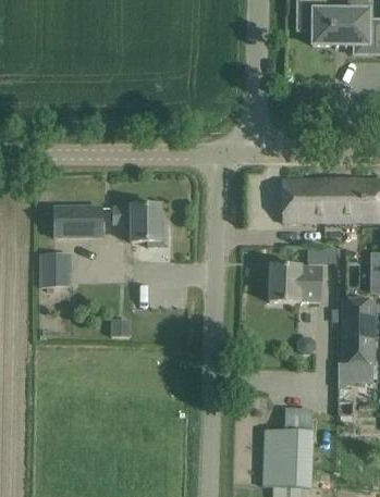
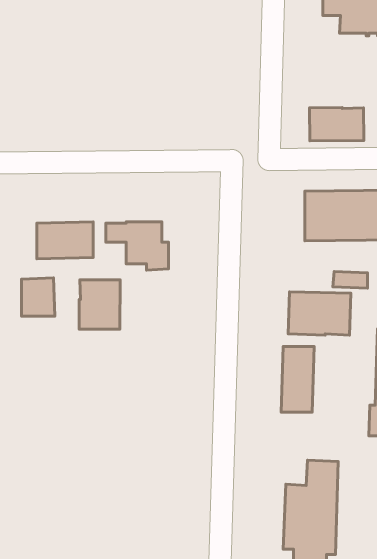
building: none -> [309,108,364,141]
building: none -> [79,280,120,329]
building: none -> [281,346,314,412]

